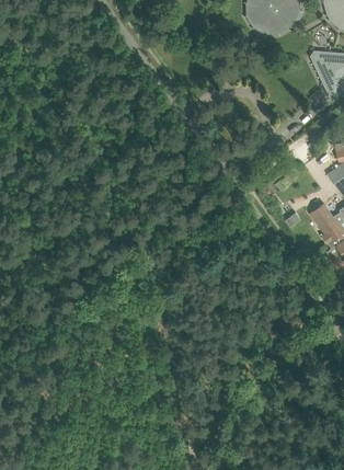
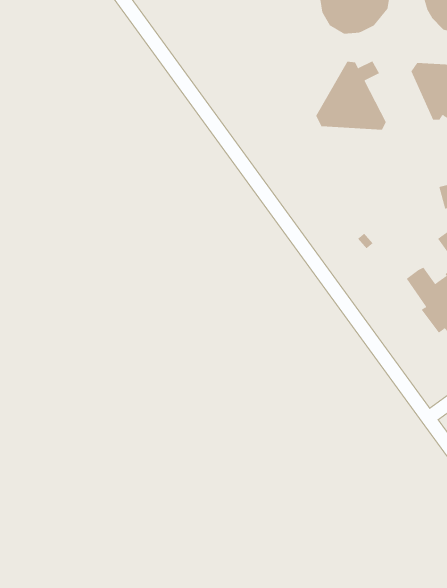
building: none -> [315,60,386,130]

